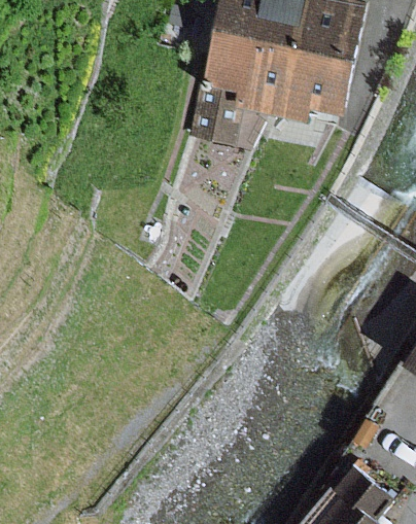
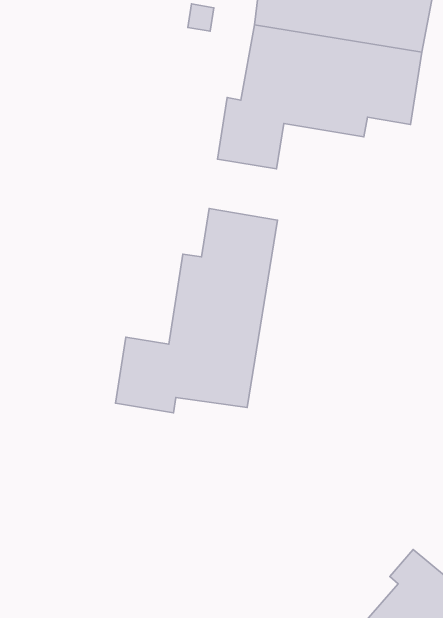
building: none -> [115,208,278,413]

